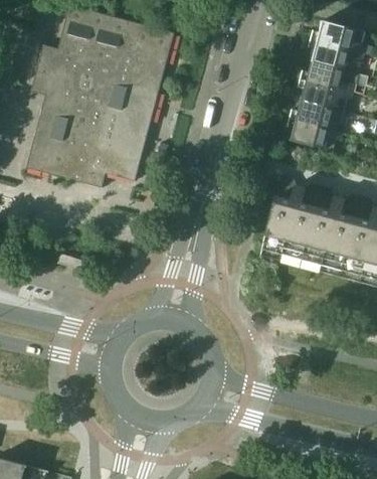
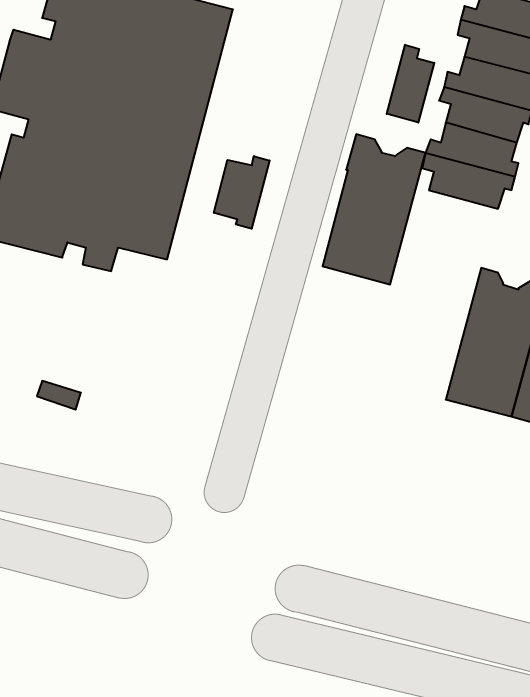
building: none -> [387,45,434,123]
building: none -> [214,156,270,229]
building: [260,175,322,265] -> [322,134,426,285]

